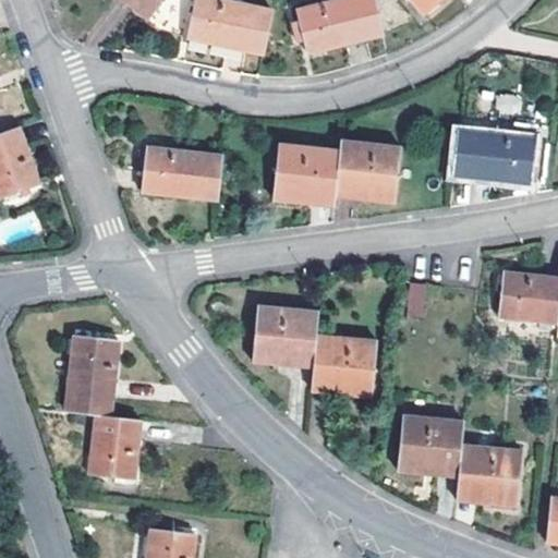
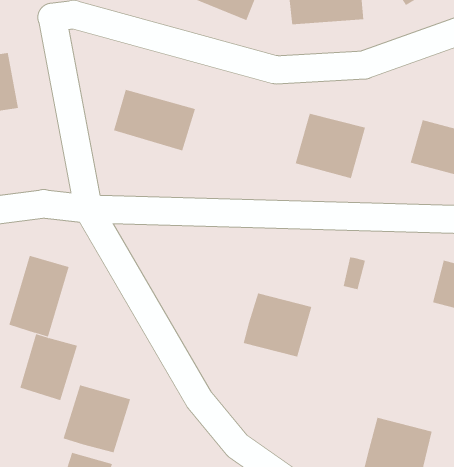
building: [274,143,340,205] -> none
building: [252,304,319,367] -> none
building: [399,414,463,477] -> none
building: none -> [63,384,131,453]

